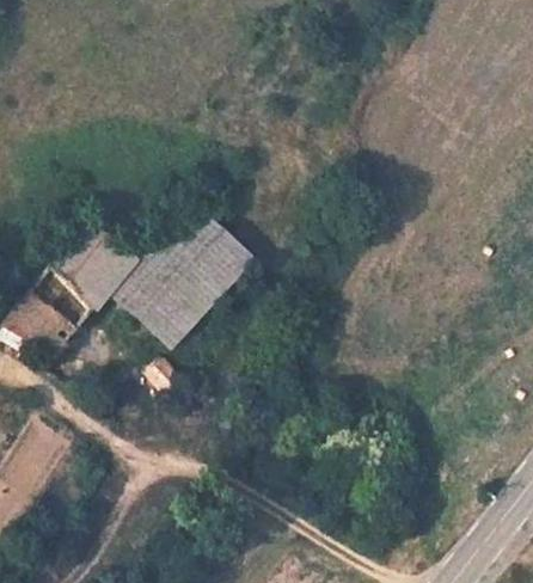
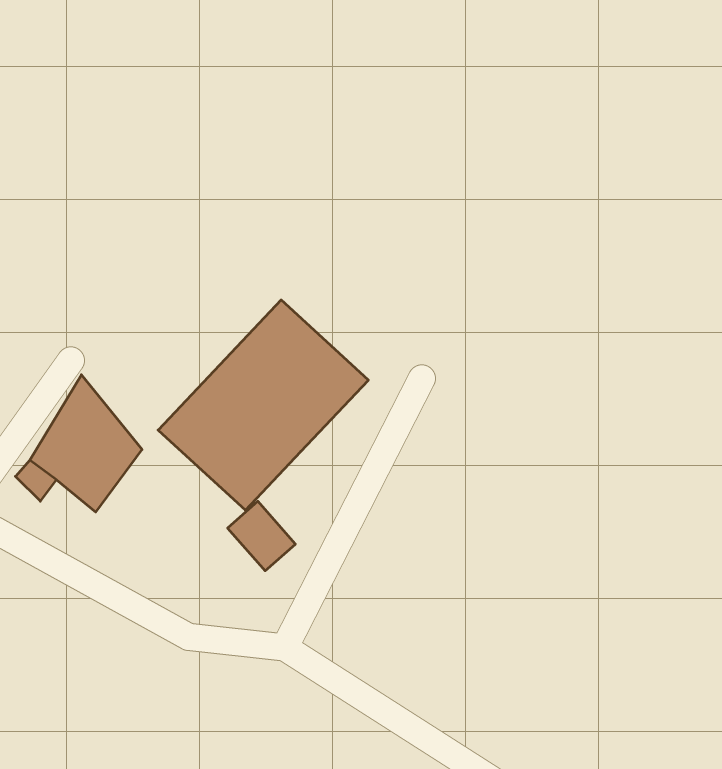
building: [57,214,142,308] -> none

